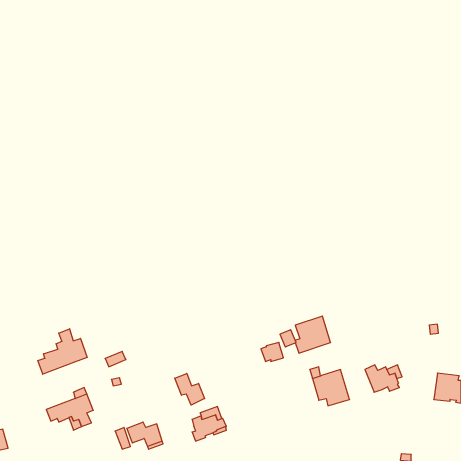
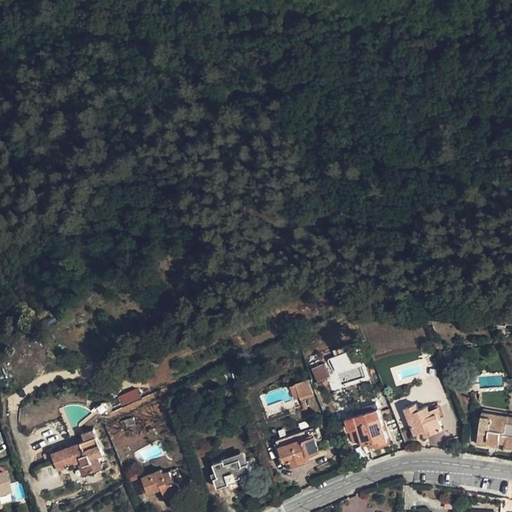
building: [38,329,87,374] -> none
building: [175,373,205,405] -> none
building: none -> [275,428,317,466]

